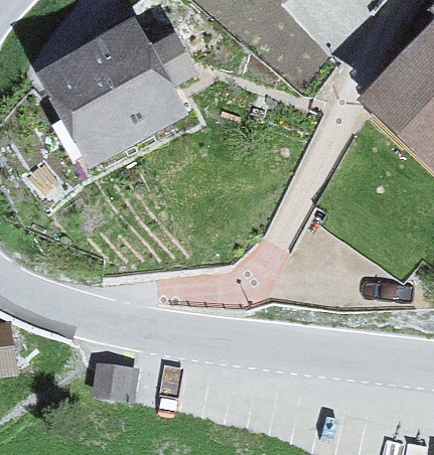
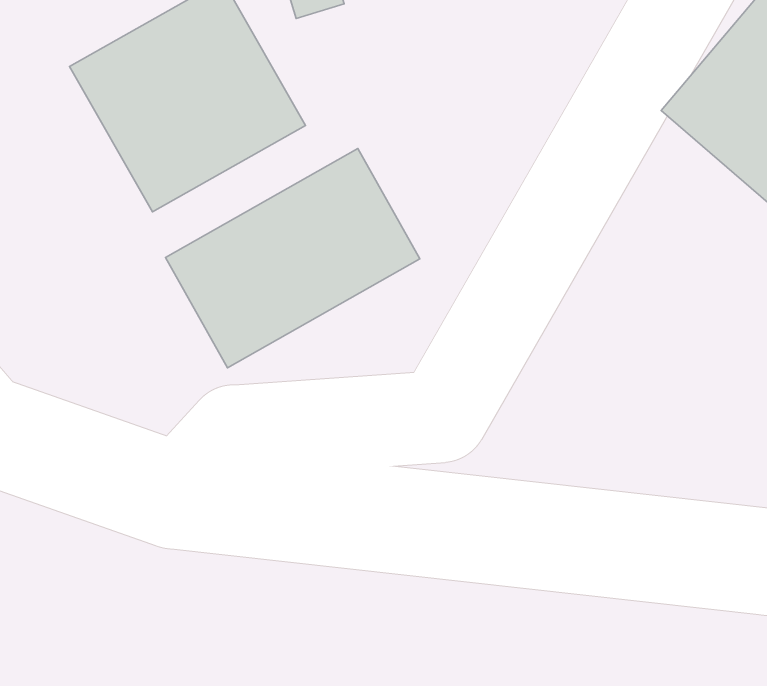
building: none -> [166,149,420,368]

